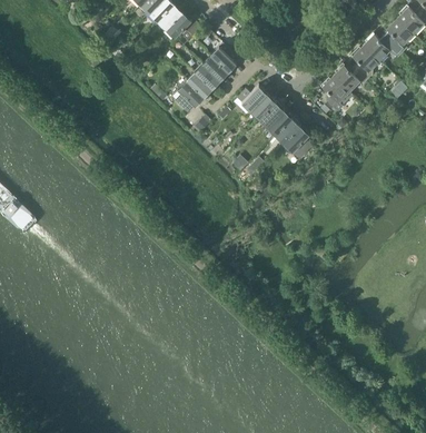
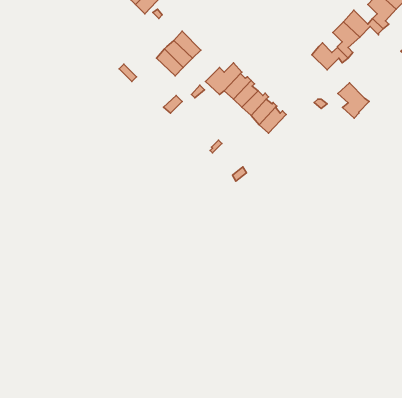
building: [210,42,239,75] -> none
building: [323,77,353,110] -> [338,83,369,118]
building: [176,80,204,112] -> none

